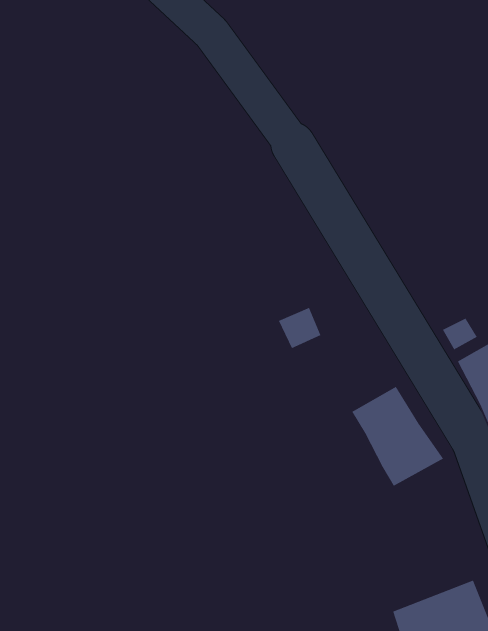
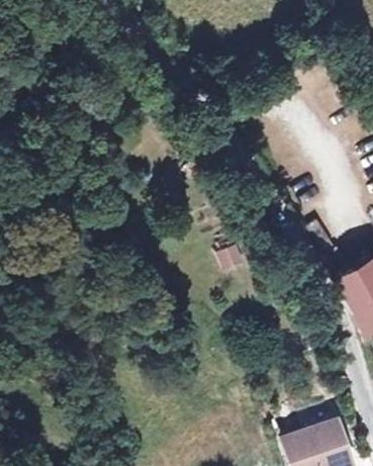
building: [351,386,444,487] -> none

